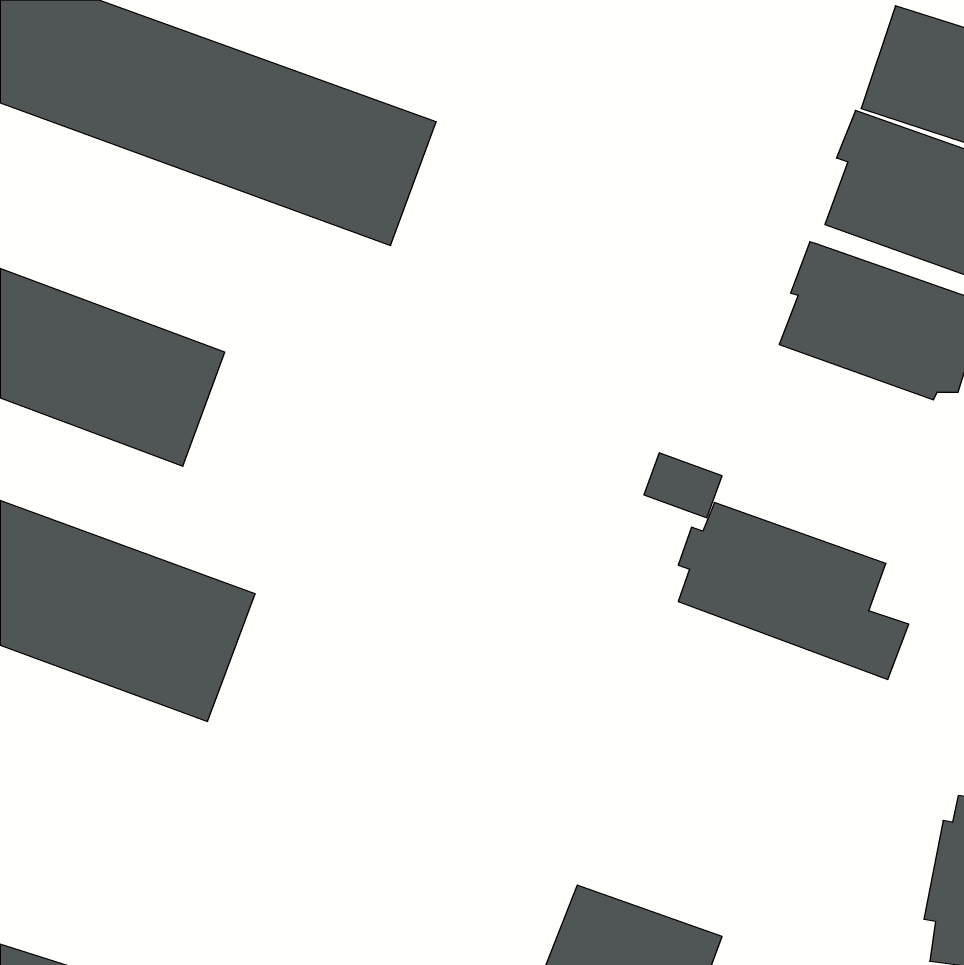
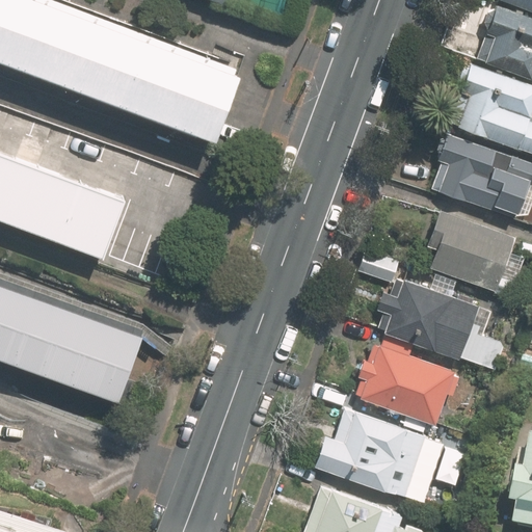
building: none -> [425,211,525,305]
building: none -> [354,344,452,426]
building: none -> [314,411,441,504]

